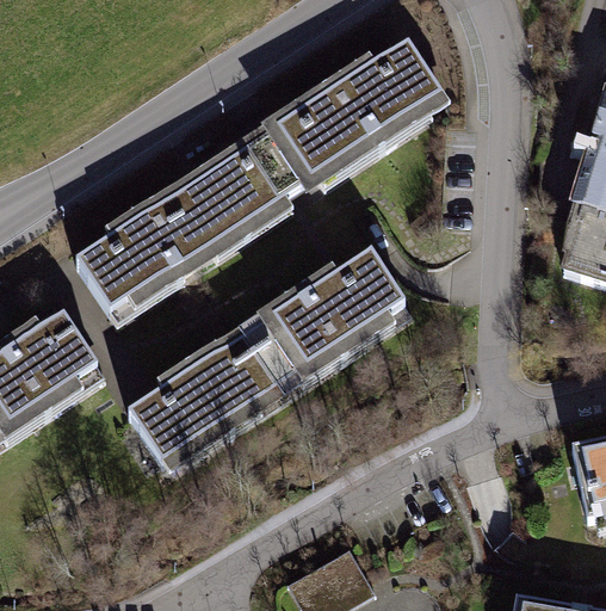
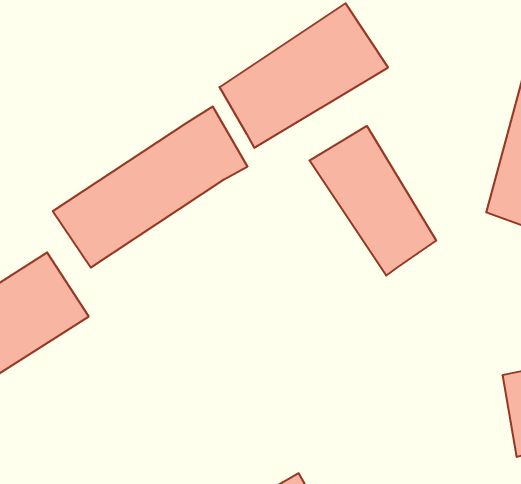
building: none -> [309,126,436,276]
building: [131,247,421,475] -> none

